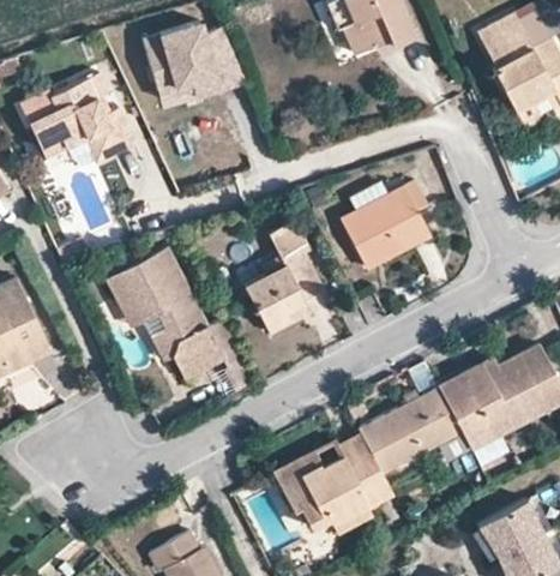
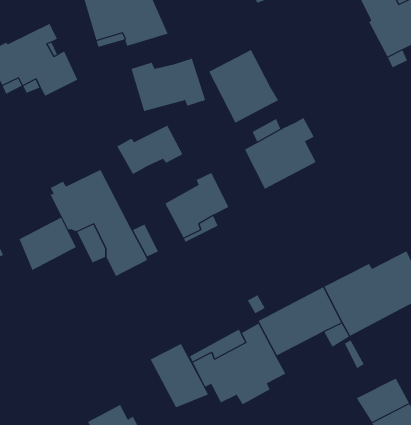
building: none -> [208,49,279,124]
building: none -> [131,58,206,112]
building: none -> [117,125,183,175]
building: none -> [19,217,76,271]
building: none -> [150,343,209,408]

